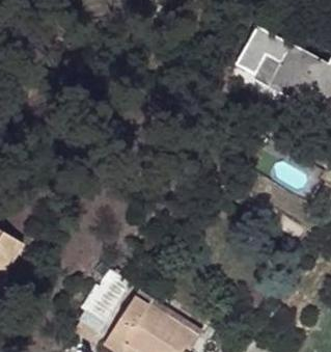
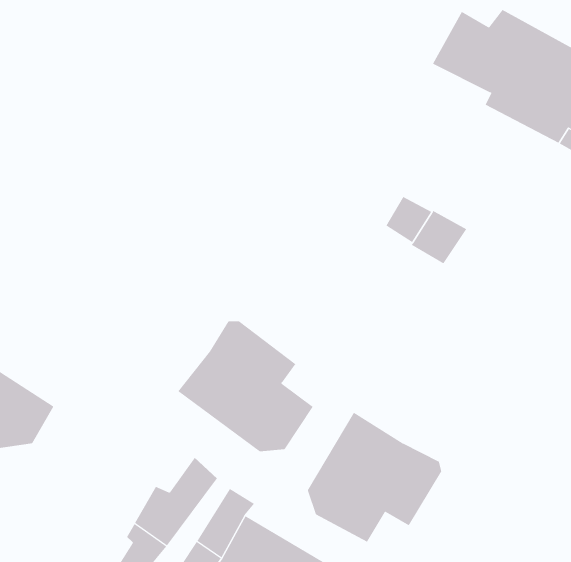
building: none -> [178,321,314,452]
building: none -> [307,412,442,543]

